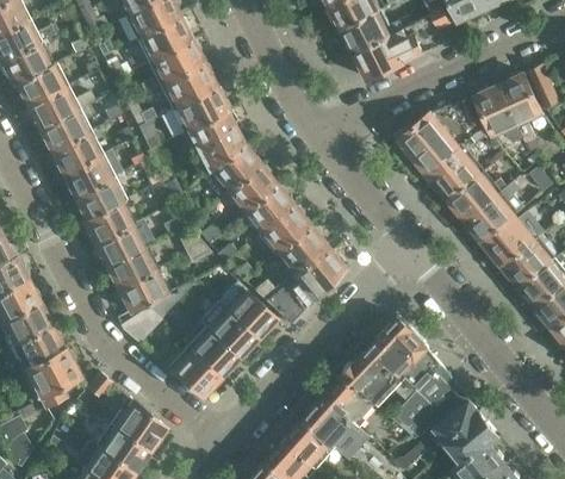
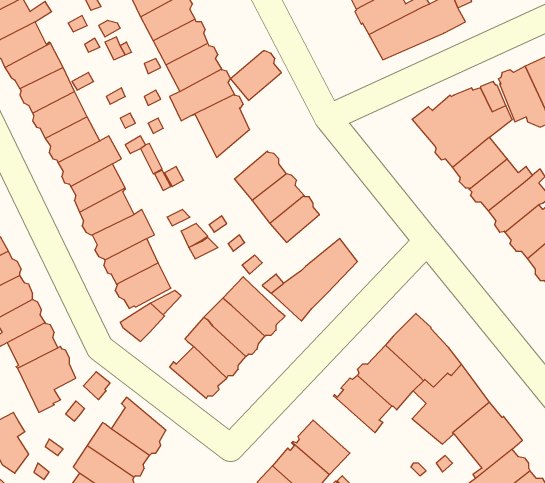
building: [211,144,259,191] -> [231,51,281,100]
building: [277,224,327,276] -> none
building: [302,394,370,460] -> none

